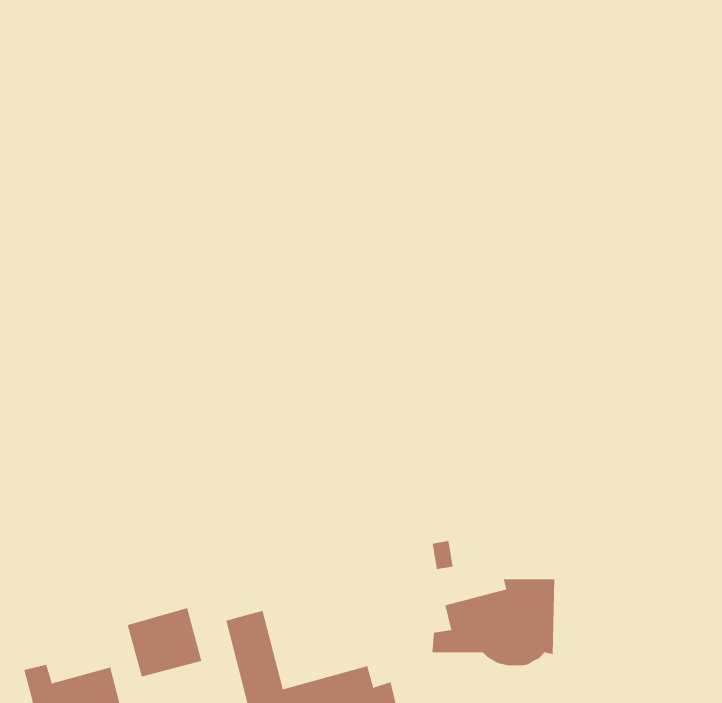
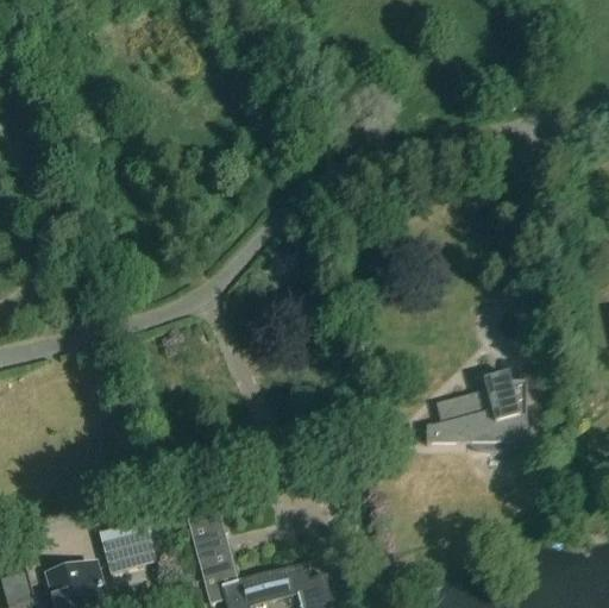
building: [432,579,555,666] -> [425,380,526,451]

